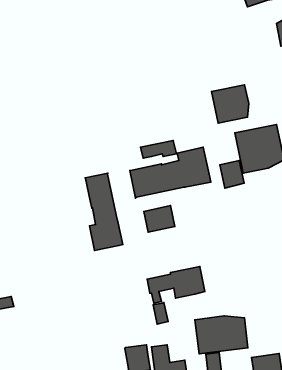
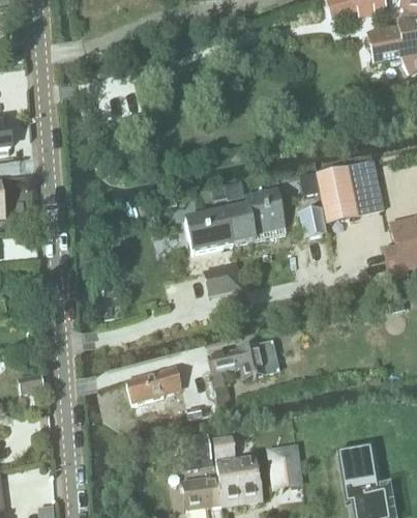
building: [211,85,249,123] -> none
building: [85,173,123,251] -> none
building: none -> [127,366,181,401]
building: [195,316,248,354] -> none

